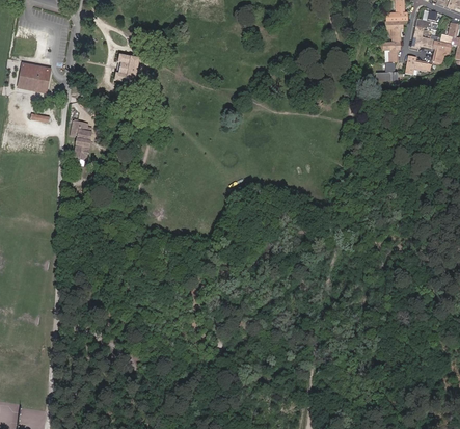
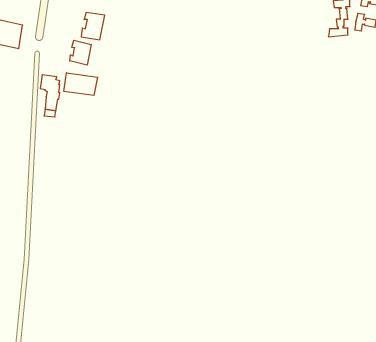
building: none -> [70,40,91,65]
building: none -> [64,73,98,95]

